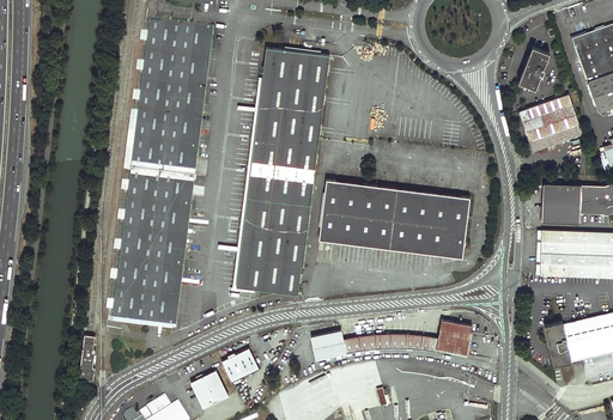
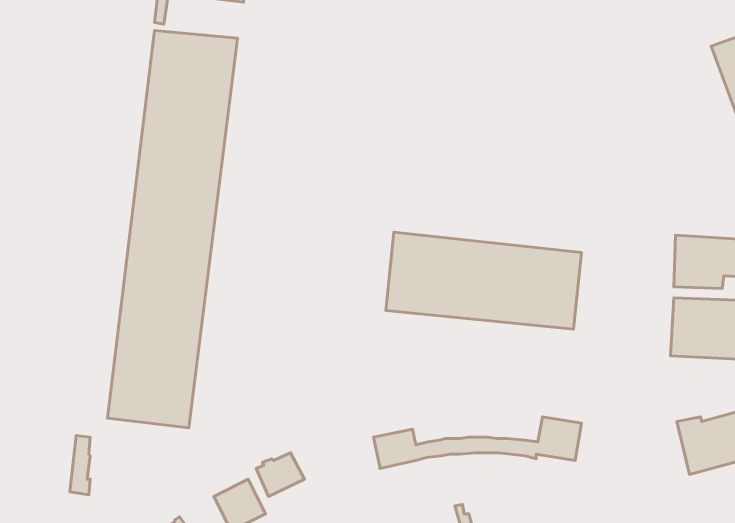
building: [520,47,550,89] -> none
building: [236,48,328,294] -> none
building: [518,93,583,151] -> none

